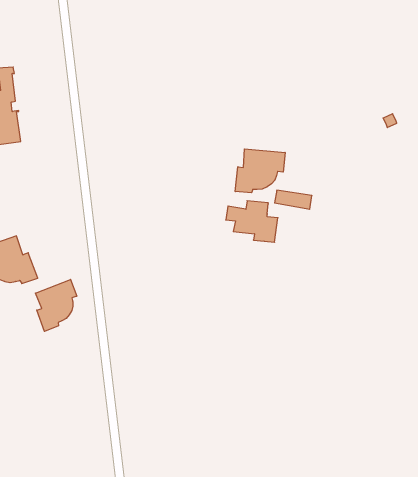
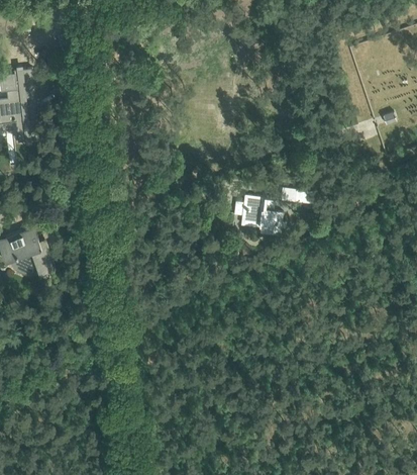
building: [235,149,285,193] -> none
building: [35,279,77,331] -> none

